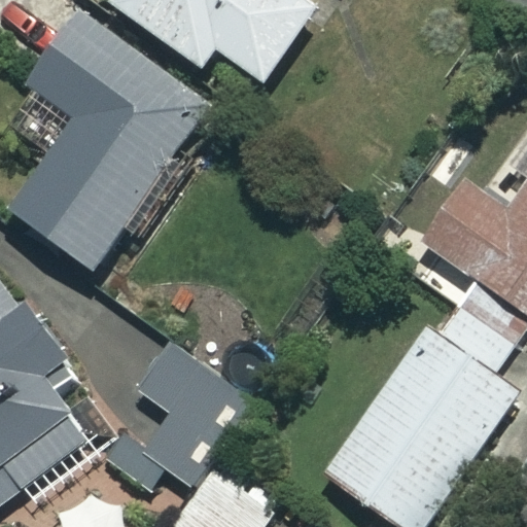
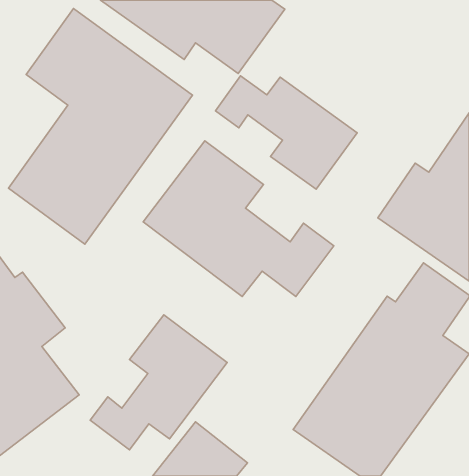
building: none -> [215,76,357,189]
building: none -> [143,141,334,297]

